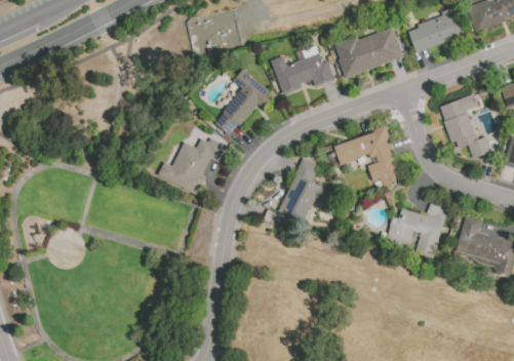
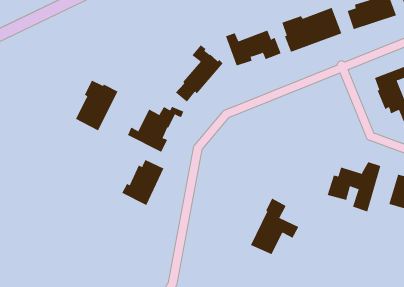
building: none -> [75,80,118,131]
building: [335,125,400,187] -> none
building: [278,158,333,223] -> [250,198,299,255]
building: none -> [121,159,164,206]

